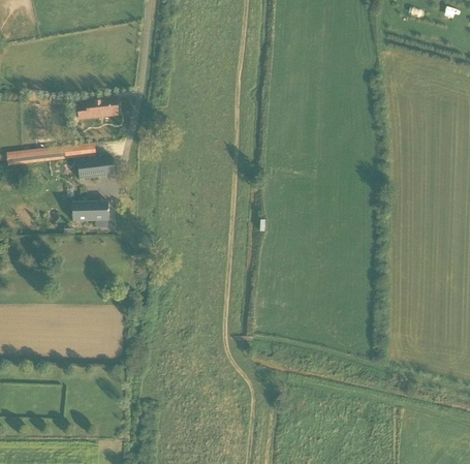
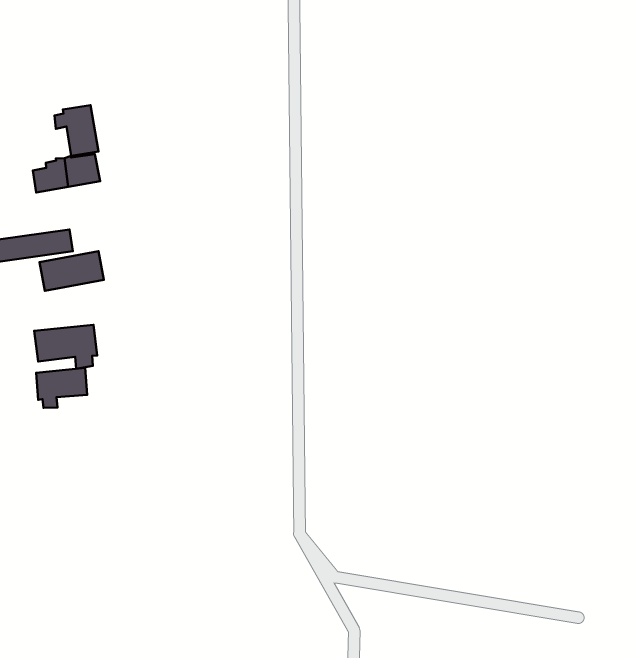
building: none -> [55,105,99,156]
building: none -> [36,368,87,408]

